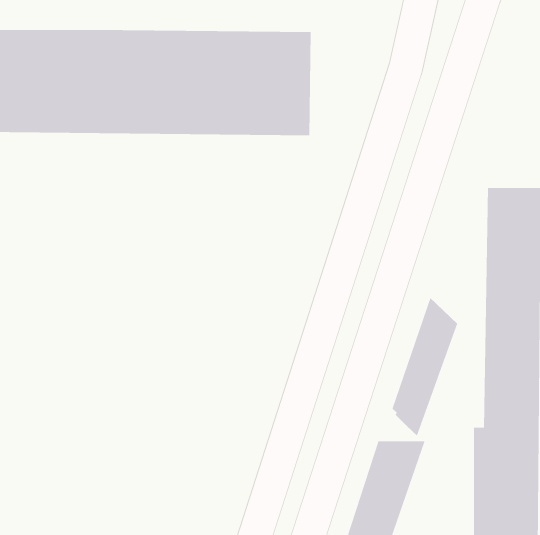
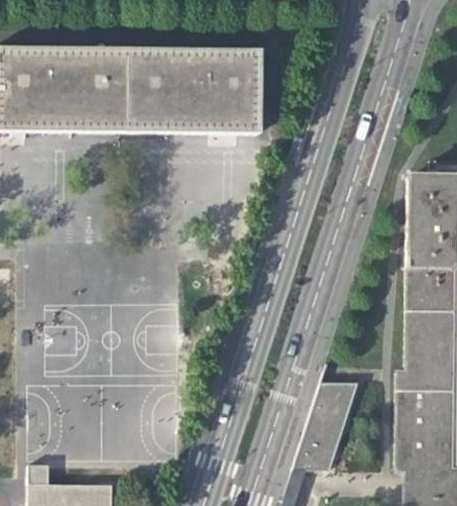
building: [392,297,458,436] -> none

